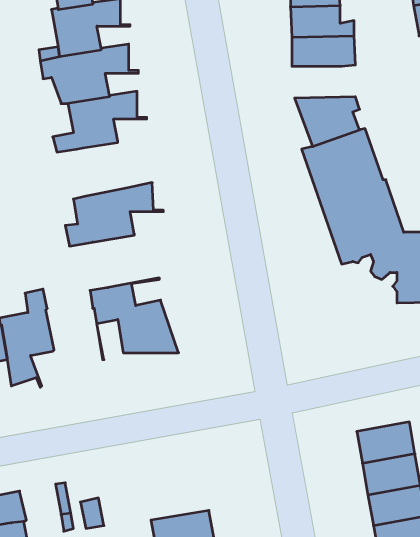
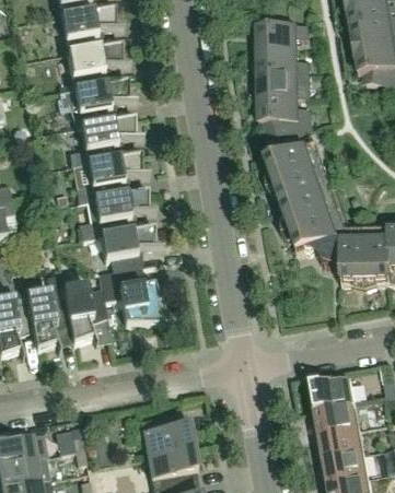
building: none -> [258,97,309,122]
building: none -> [75,153,150,203]
building: none -> [101,226,163,272]
building: none -> [63,285,108,344]
building: none -> [141,412,193,456]

